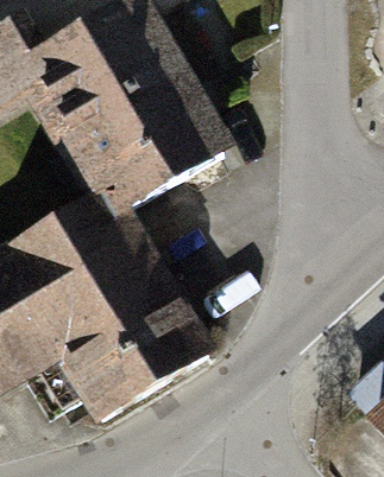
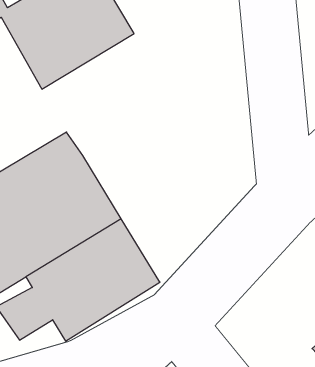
building: [76,75,225,210] -> none

